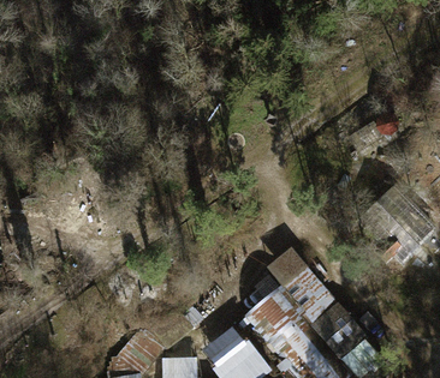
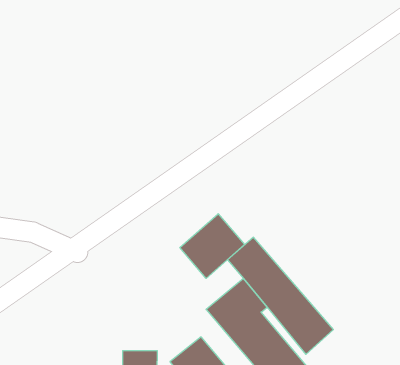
building: none -> [180,214,244,278]

